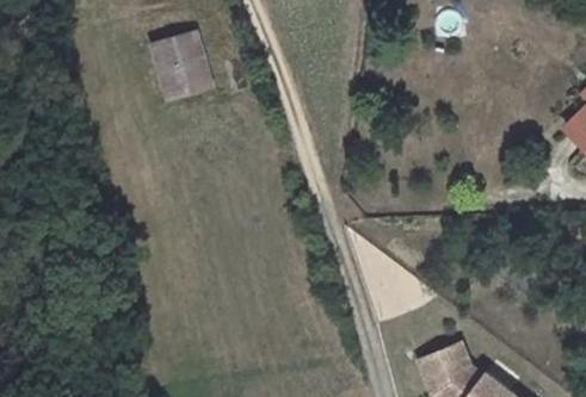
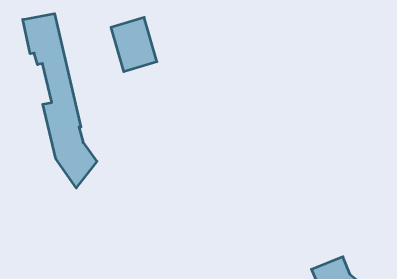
building: none -> [23,14,97,188]

